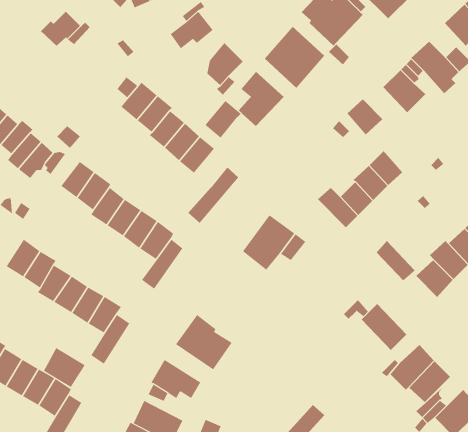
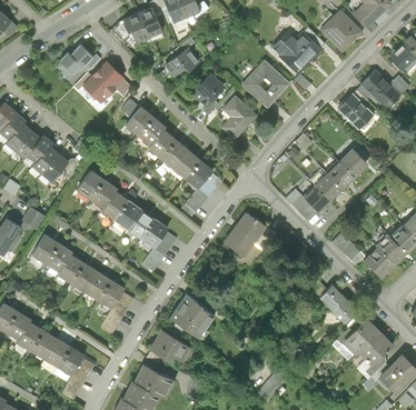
building: none -> [83,63,121,102]
building: [346,99,383,135] -> [339,147,369,177]
building: [205,100,241,138] -> [185,158,215,189]
building: [43,347,86,388] -> none

